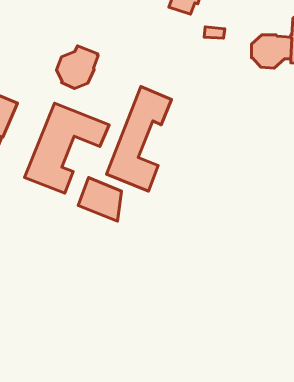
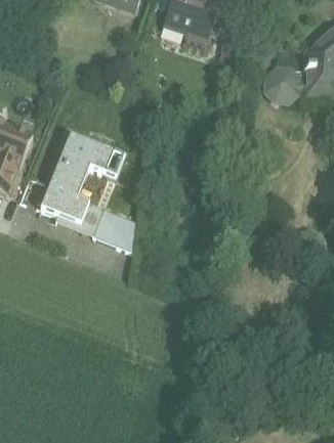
building: [57,46,98,88] -> none
building: [106,87,172,191] -> none

